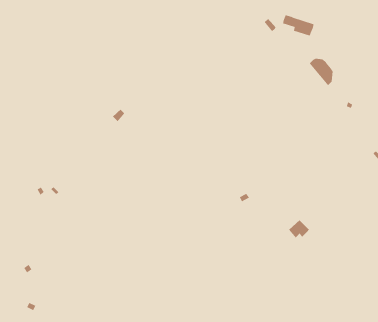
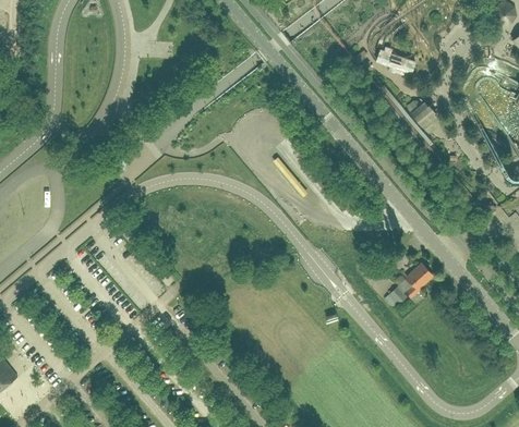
building: none -> [405,261,433,296]

